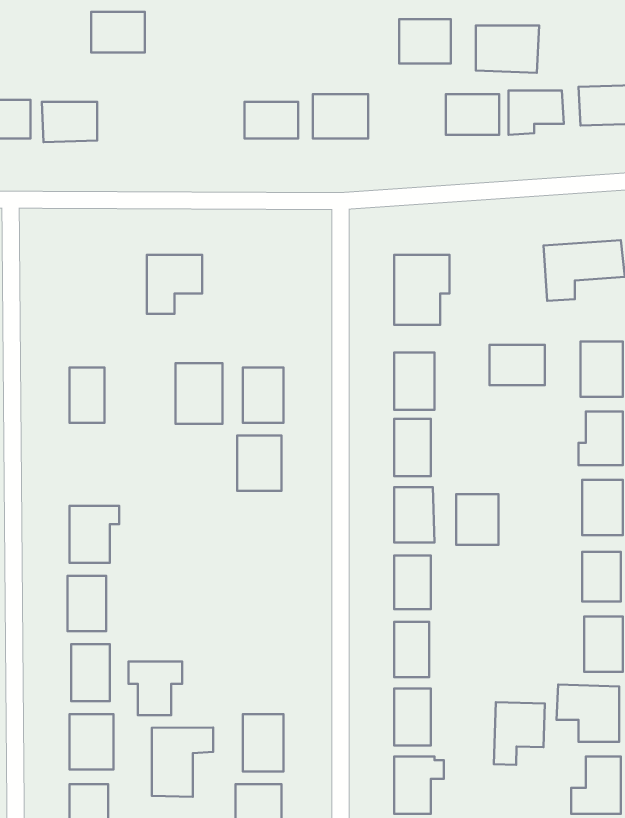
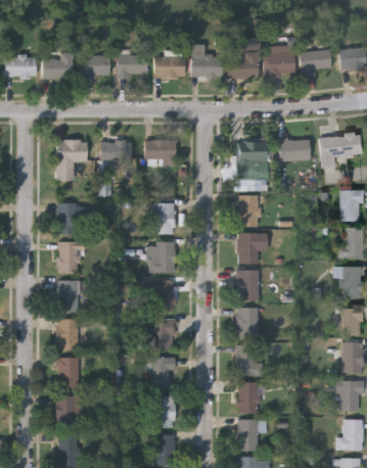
building: [91,12,145,52] -> [80,55,109,78]
building: [399,19,451,64] -> [229,53,258,78]
building: [476,26,539,73] -> none
building: none -> [116,55,146,76]
building: none -> [55,141,86,181]
building: none -> [145,141,175,167]
building: [489,345,545,385] -> [278,139,309,161]
building: [176,363,223,424] -> none
building: none -> [56,242,84,273]
building: [456,494,499,545] -> none
building: none -> [153,281,173,313]
building: none -> [139,320,174,350]
building: [129,662,182,715] -> [145,359,175,388]
building: [494,702,545,765] -> none
building: [152,728,213,797] -> none

